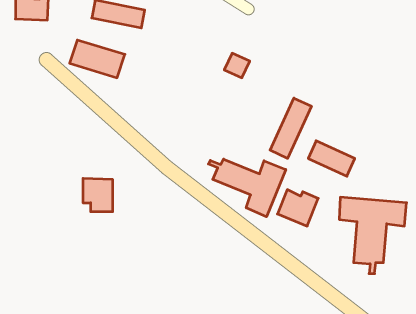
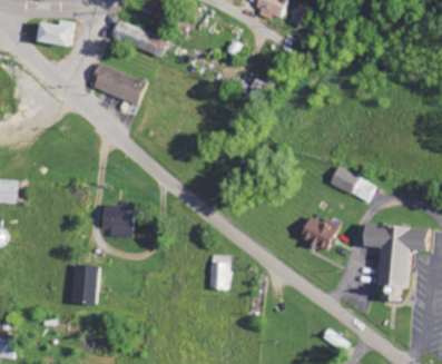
building: [270,98,311,158] -> none
building: [208,159,286,217] -> none
building: none -> [209,254,229,289]
building: none -> [70,264,100,305]

